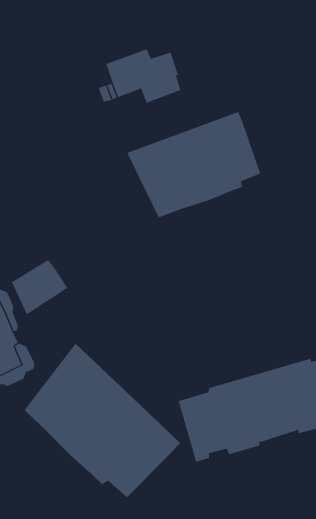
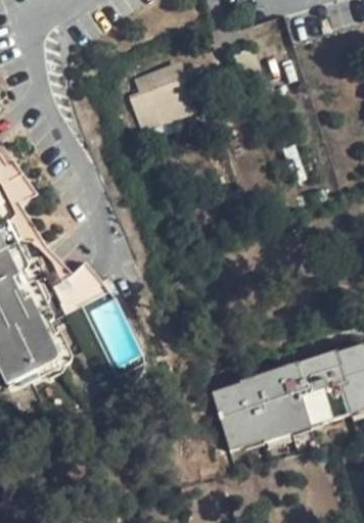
building: [127,111,261,218] -> none
building: [24,343,181,498] -> none

